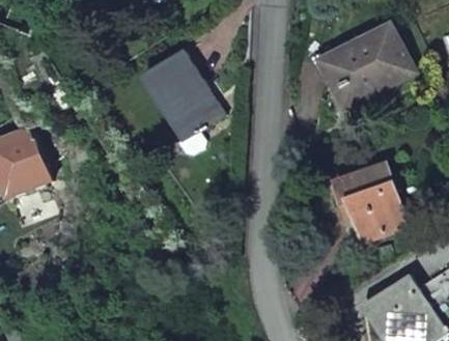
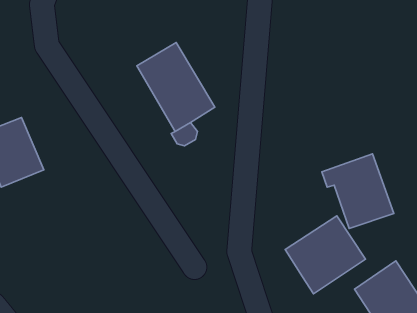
building: [318,22,415,107] -> none
building: none -> [285,216,365,294]

